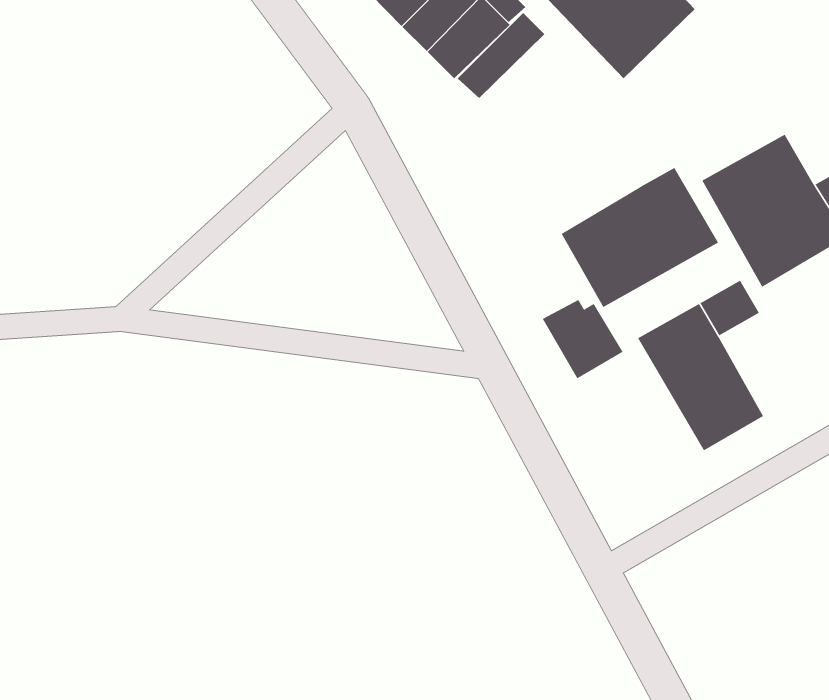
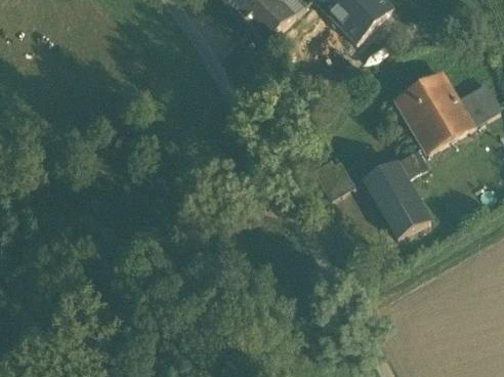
building: [457,12,545,99] -> none
building: [561,167,719,308] -> none

